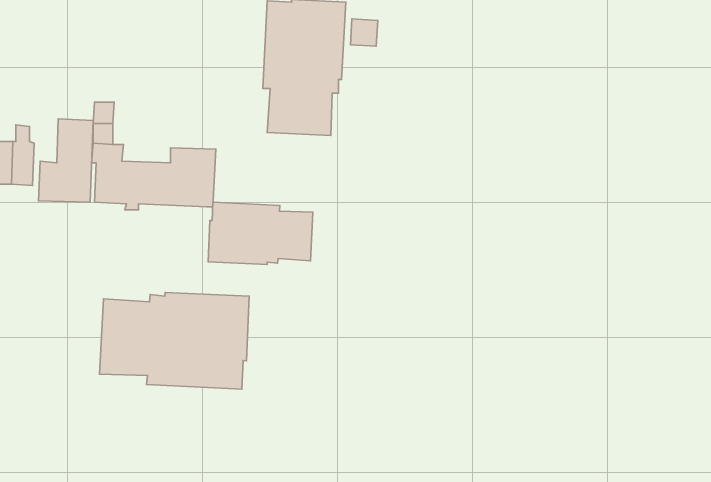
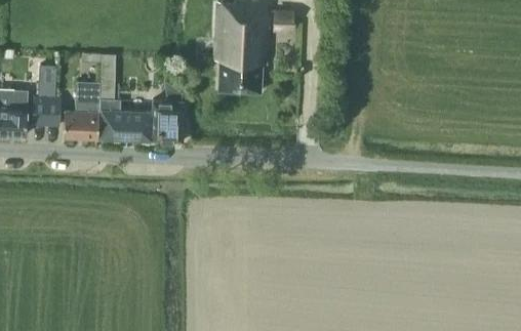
building: [208,202,313,264] -> none
building: [100,293,249,389] -> none

